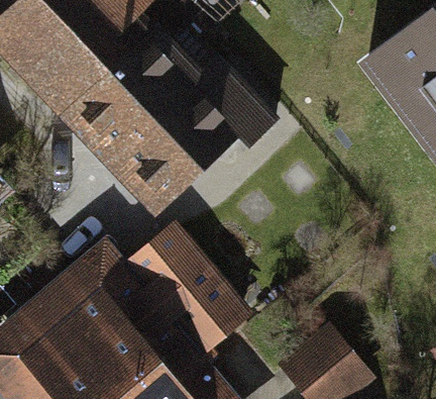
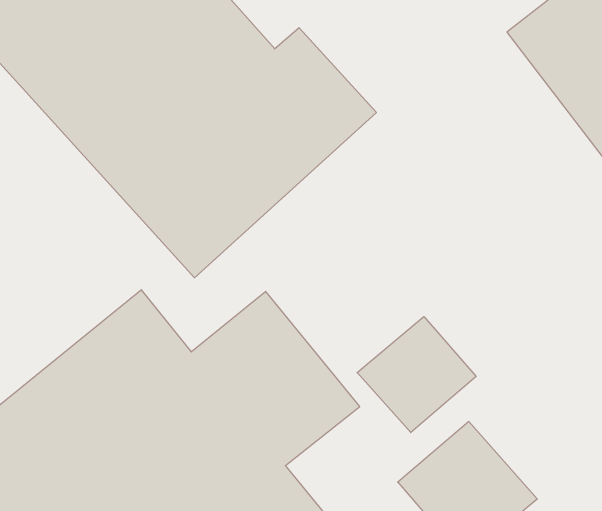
building: none -> [357,317,476,433]

